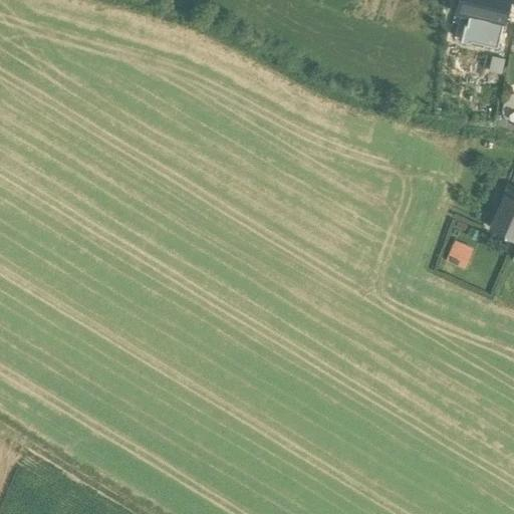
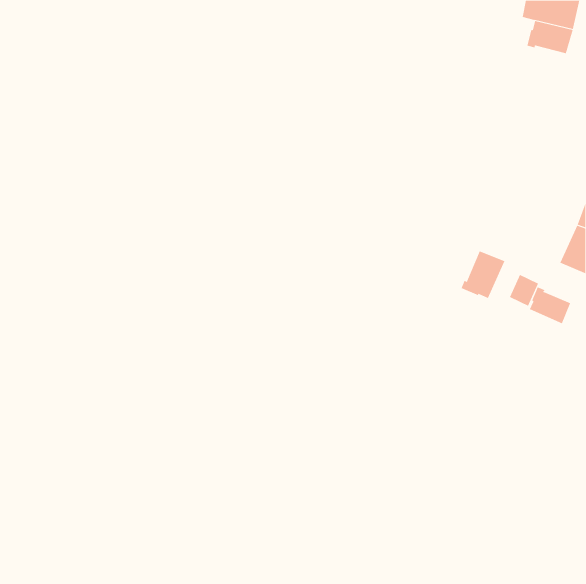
building: none -> [461,251,505,299]
building: none -> [529,286,571,324]

